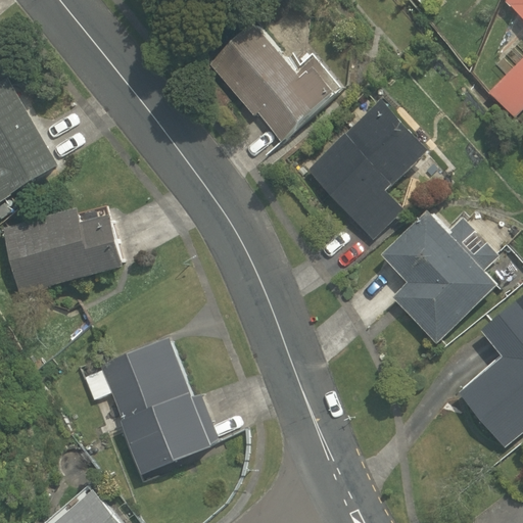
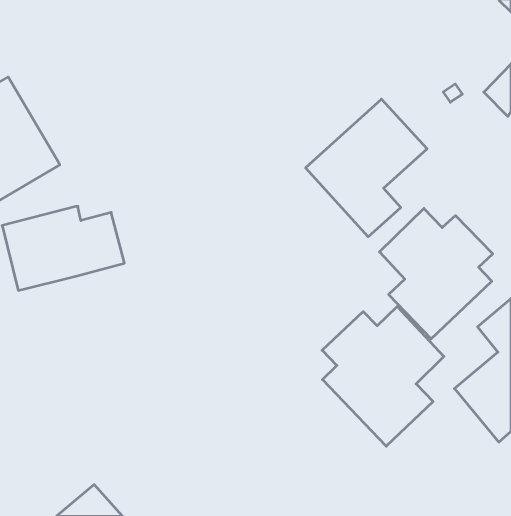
building: [208,22,340,141] -> none
building: none -> [322,306,444,446]
building: [82,336,215,473] -> none

